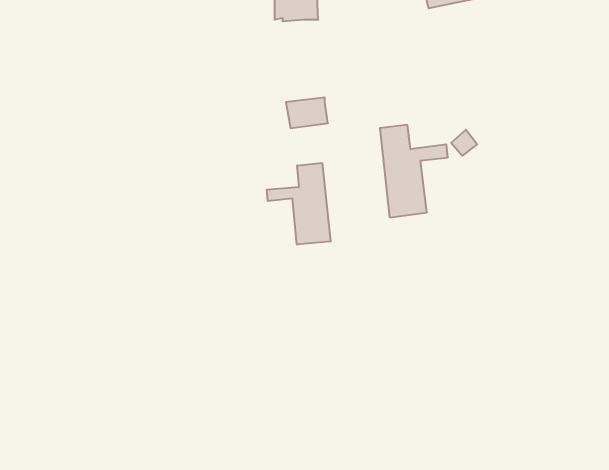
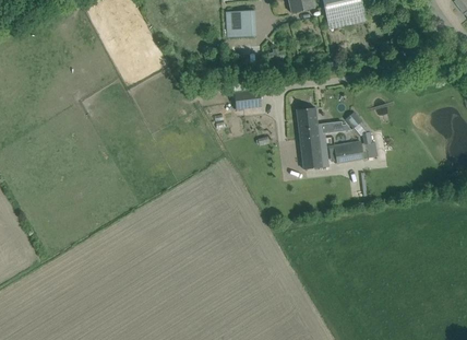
building: [267,163,331,245] -> none
building: none -> [331,140,363,163]

